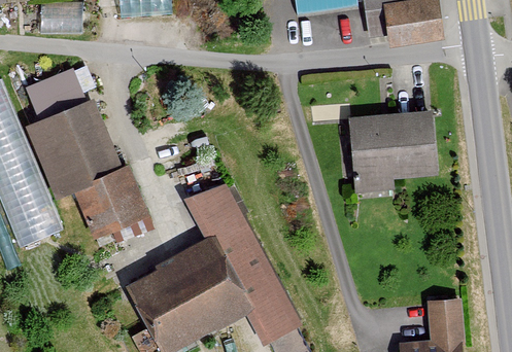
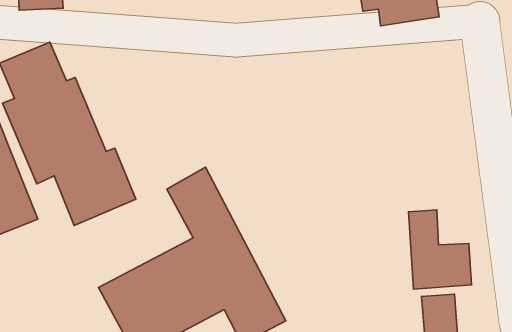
building: [346,110,432,192] -> none
building: none -> [409,210,472,289]

